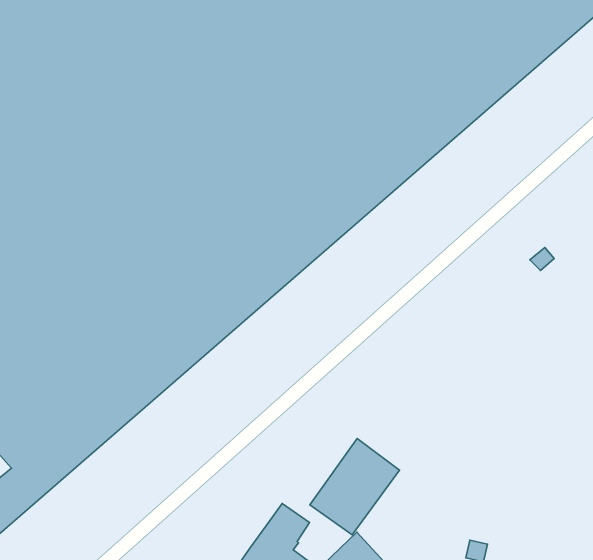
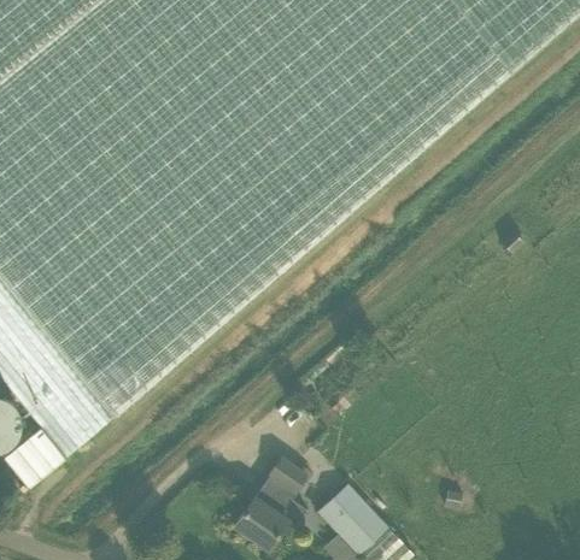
building: [310,438,400,535] -> none

